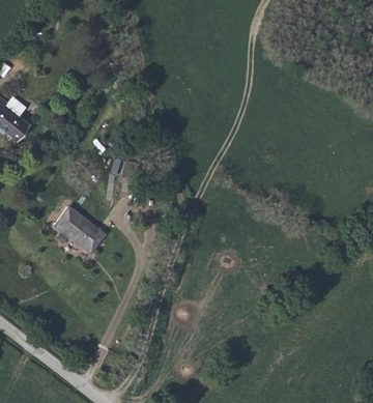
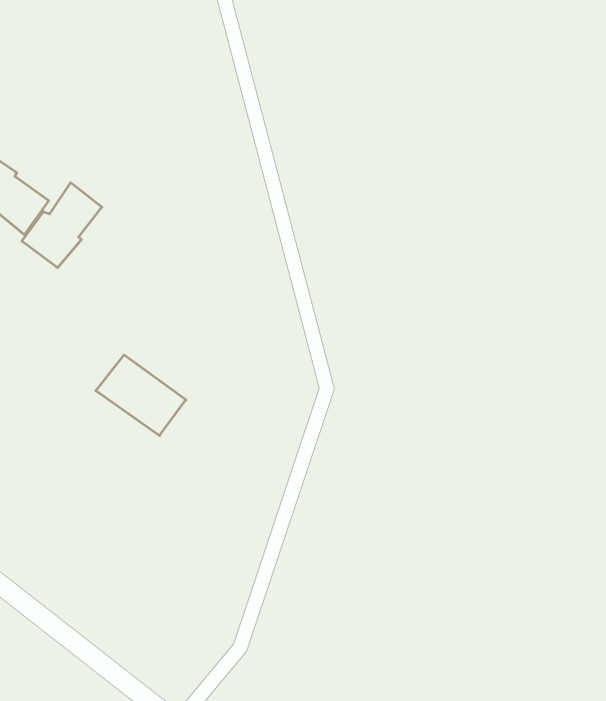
building: none -> [22,183,102,268]

